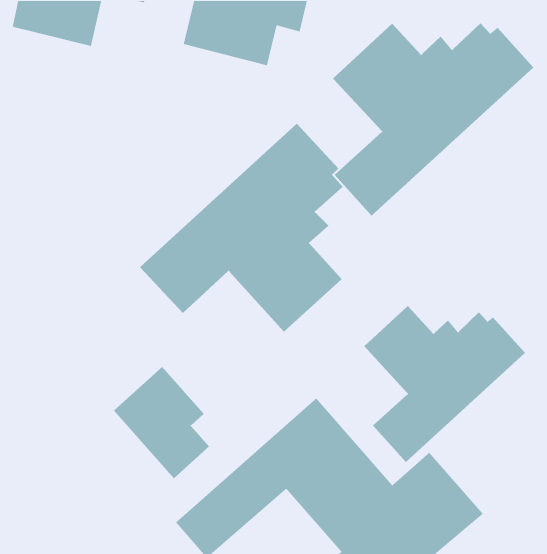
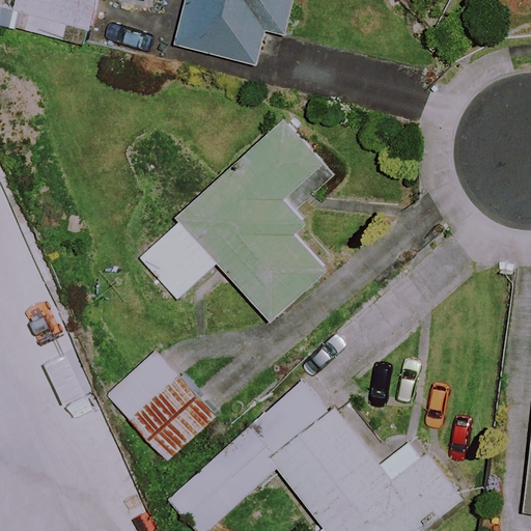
building: [332,22,534,217] -> none
building: [363,305,526,463] -> none

